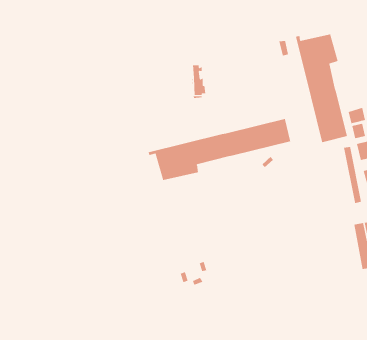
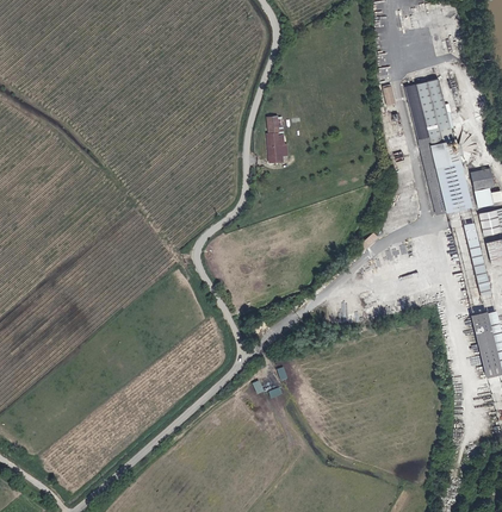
building: [148,118,291,181] -> none

